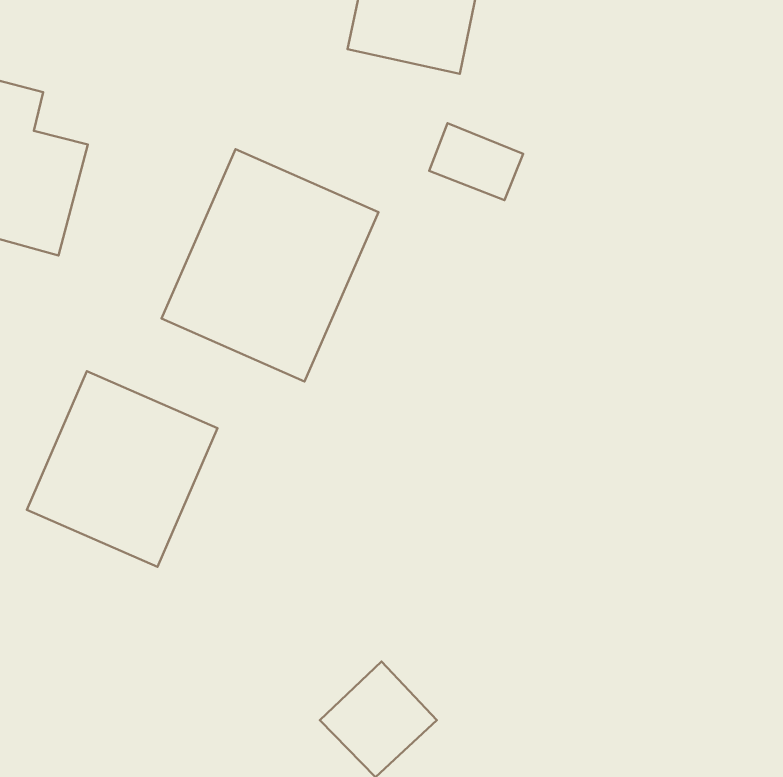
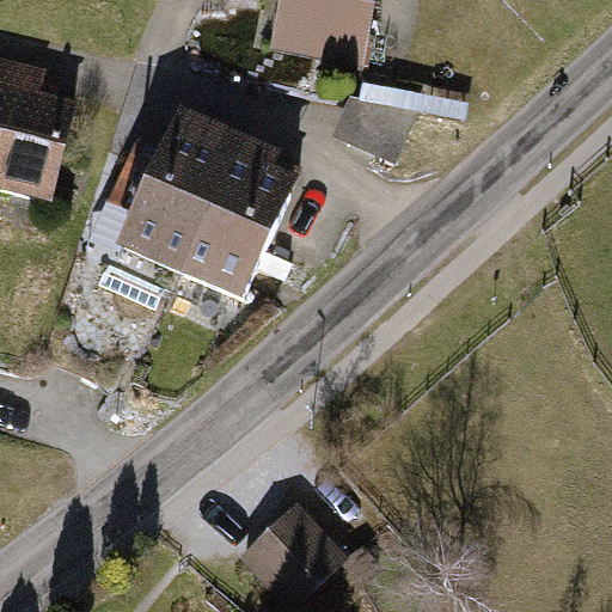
building: [27,371,218,567] -> none

